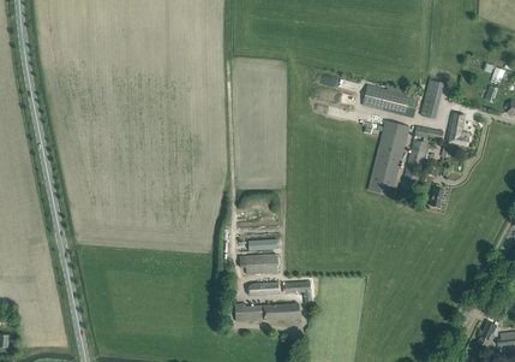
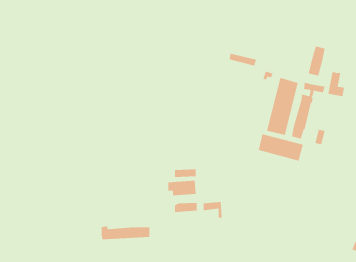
building: [363,85,419,118] -> none
building: none -> [258,134,304,162]
building: [235,303,299,321] -> [101,226,150,240]

